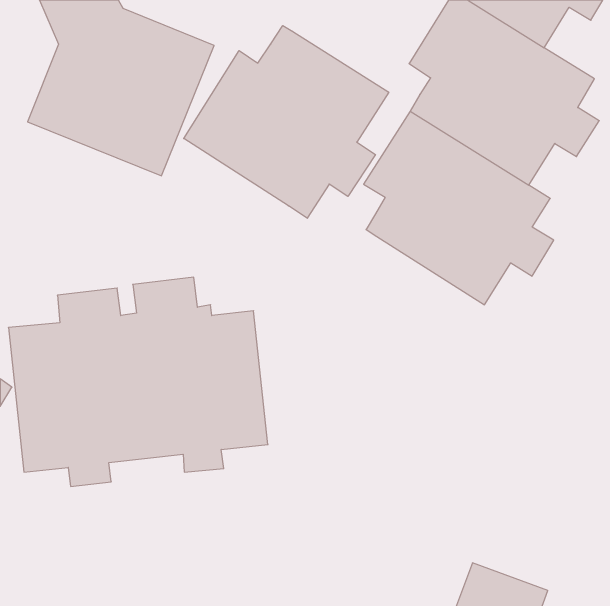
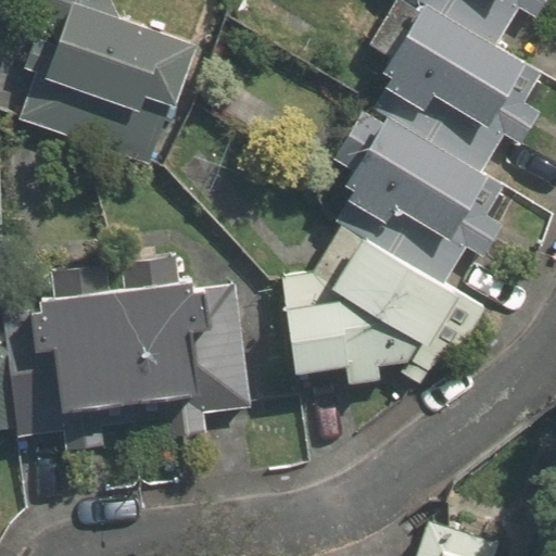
building: [184,26,389,218] -> none
building: none -> [286,219,484,368]

